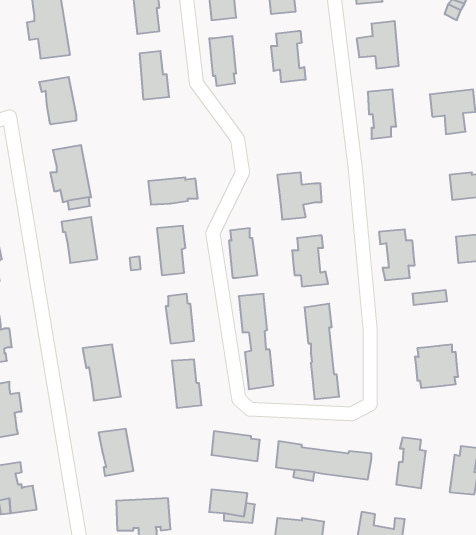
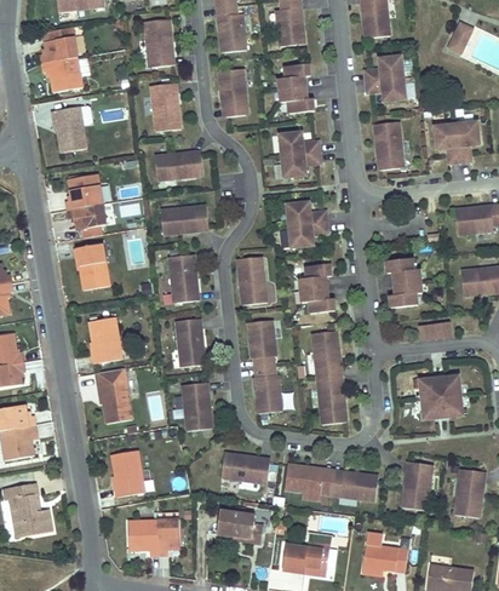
building: none -> [279,132,322,177]
building: none -> [153,151,201,178]
building: none -> [87,317,121,363]

